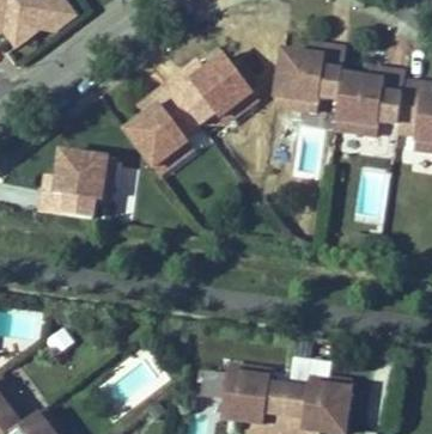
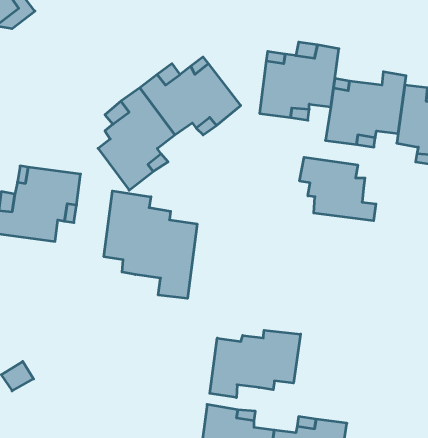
building: none -> [300,157,376,221]
building: none -> [104,191,197,298]
building: none -> [210,330,301,398]

